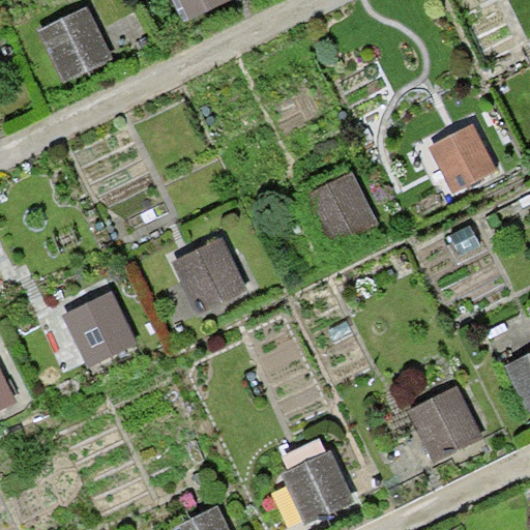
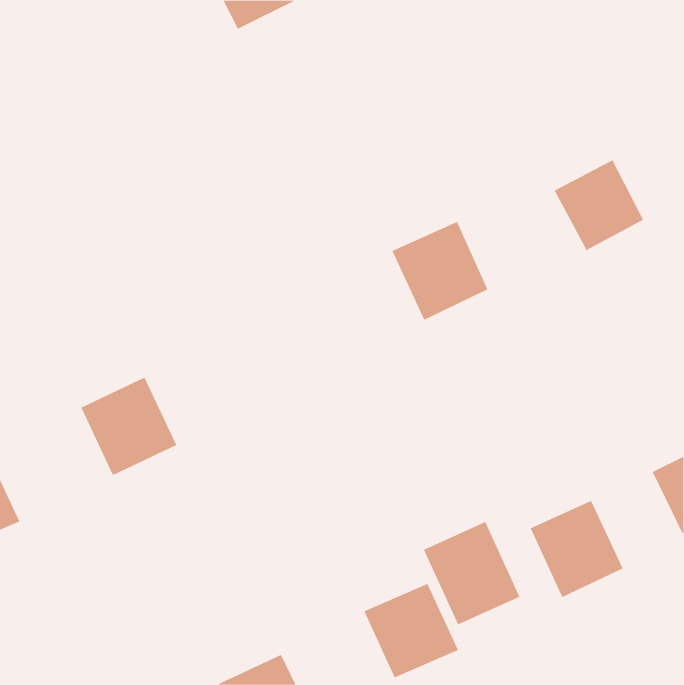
building: [37,5,113,83] -> none
building: [170,236,247,316] -> none
building: none -> [423,521,520,625]

